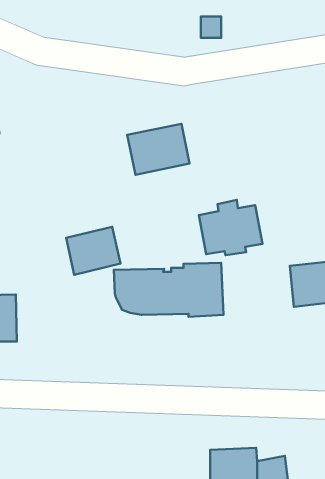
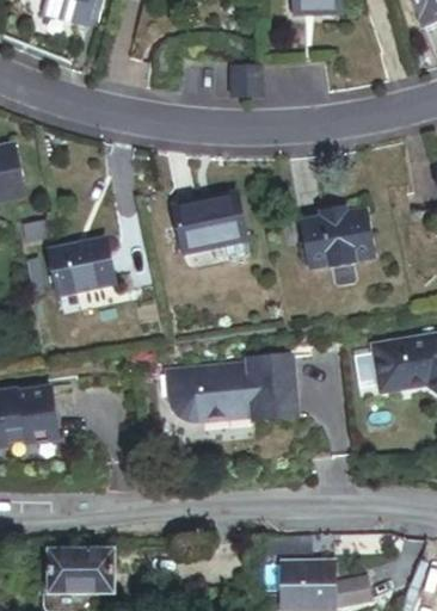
building: [199,200,262,255] -> [302,202,376,266]
building: [66,227,120,275] -> [53,239,116,295]
building: none -> [45,545,107,597]

